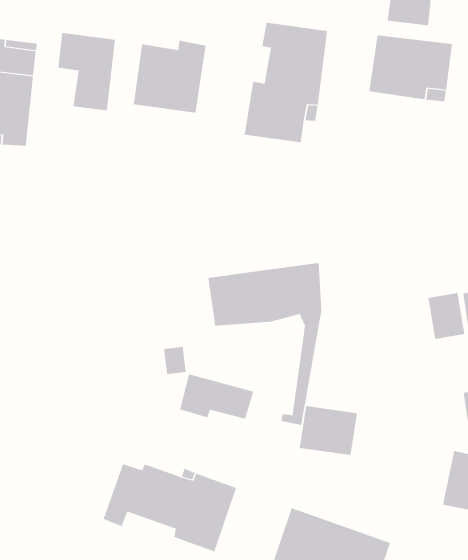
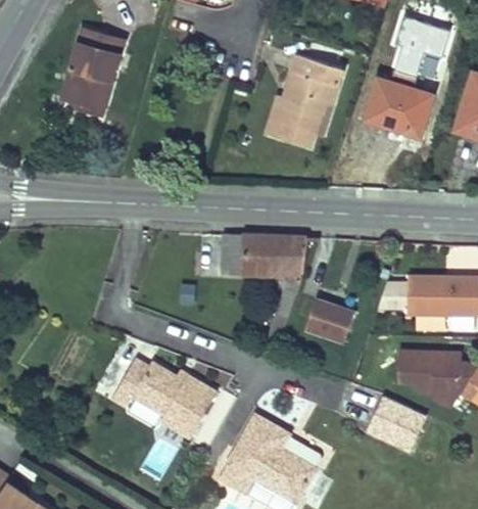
building: [58,32,115,111] -> none
building: [133,40,206,113] -> none
building: [179,373,254,419] -> none
building: [299,406,358,456] -> [307,299,355,342]

